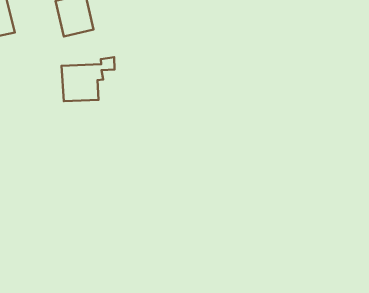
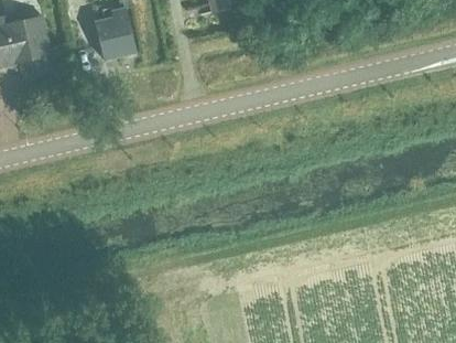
building: [62,57,114,101] -> none

